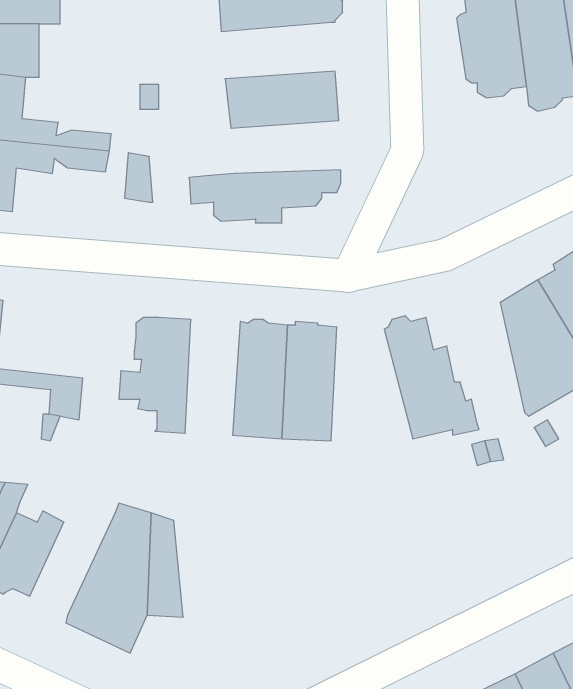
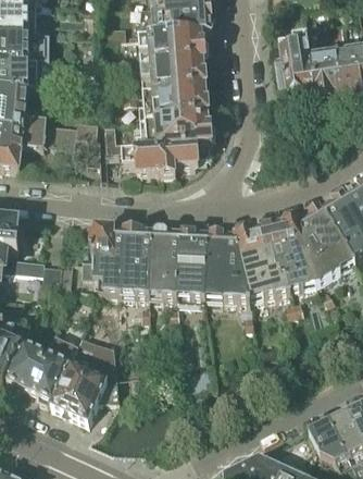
building: none -> [139,59,204,91]
building: none -> [145,115,214,146]
building: none -> [256,217,313,290]
building: none -> [118,229,150,296]
building: none -> [202,234,252,327]
building: none -> [29,330,78,402]

